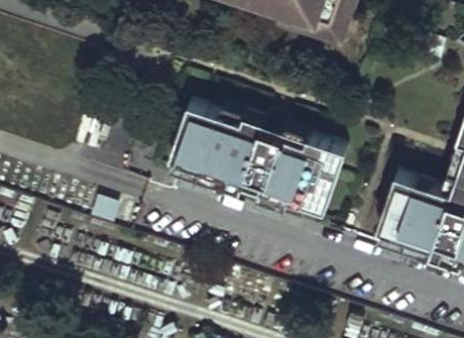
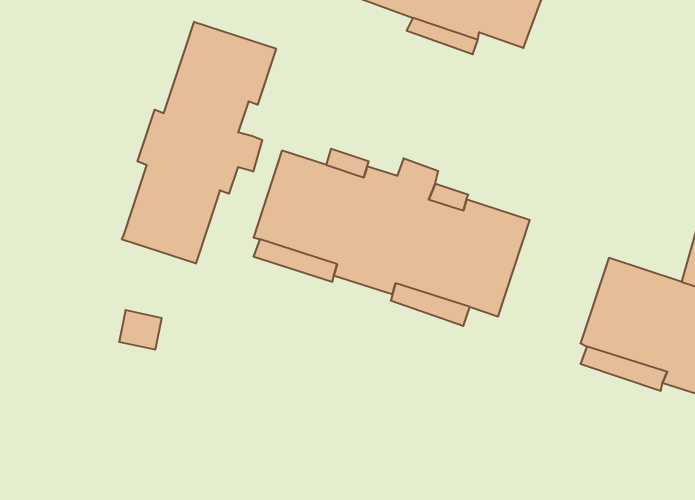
building: none -> [122,22,276,264]

